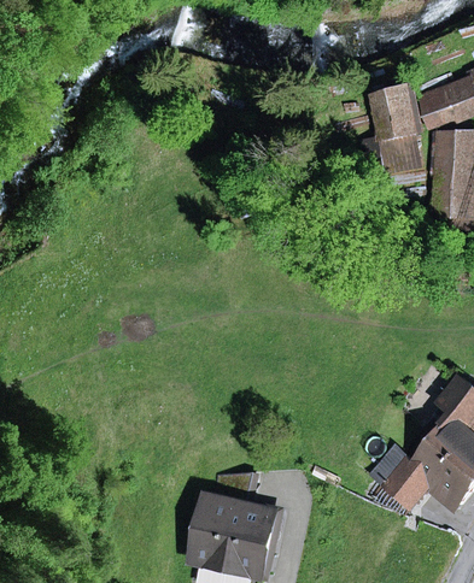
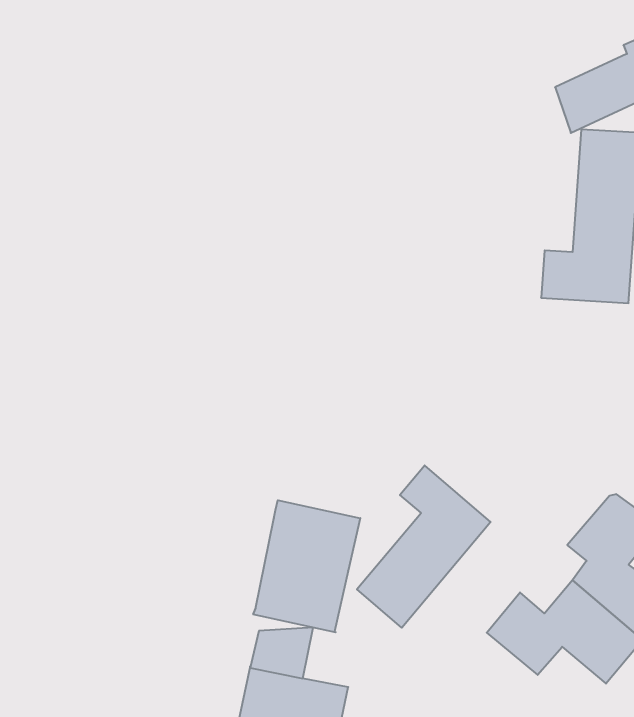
building: [358,82,421,172] -> none
building: none -> [357,465,491,628]
building: none -> [253,500,360,632]

